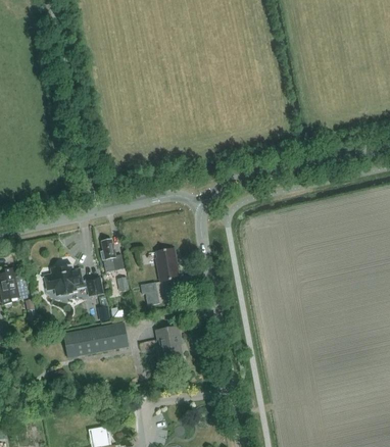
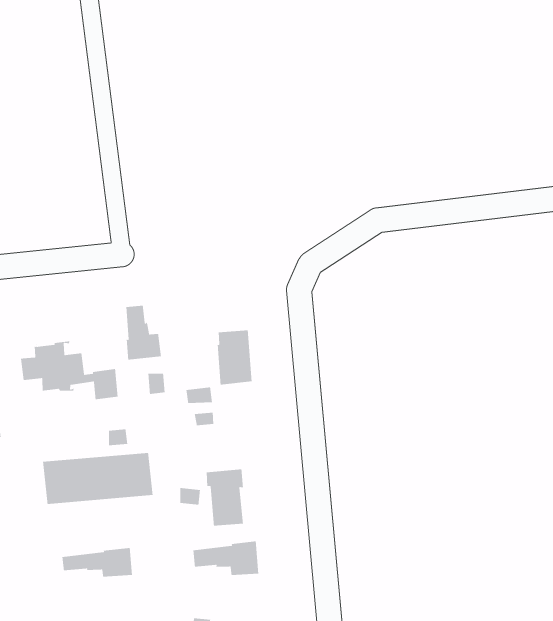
building: none -> [192,541,259,576]
building: none -> [62,547,133,578]

